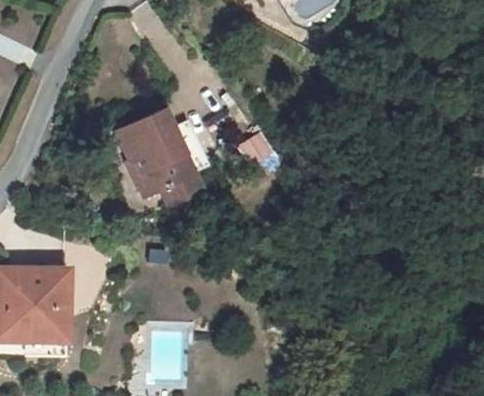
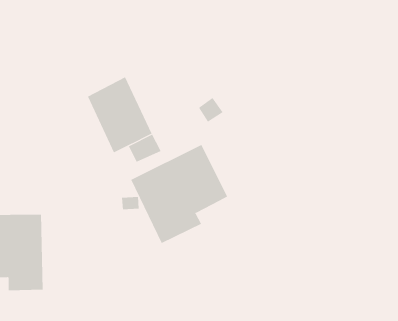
building: none -> [130,144,228,244]

